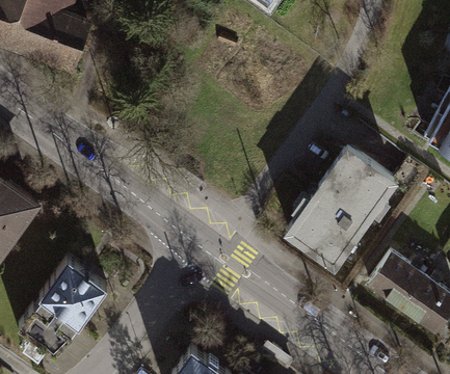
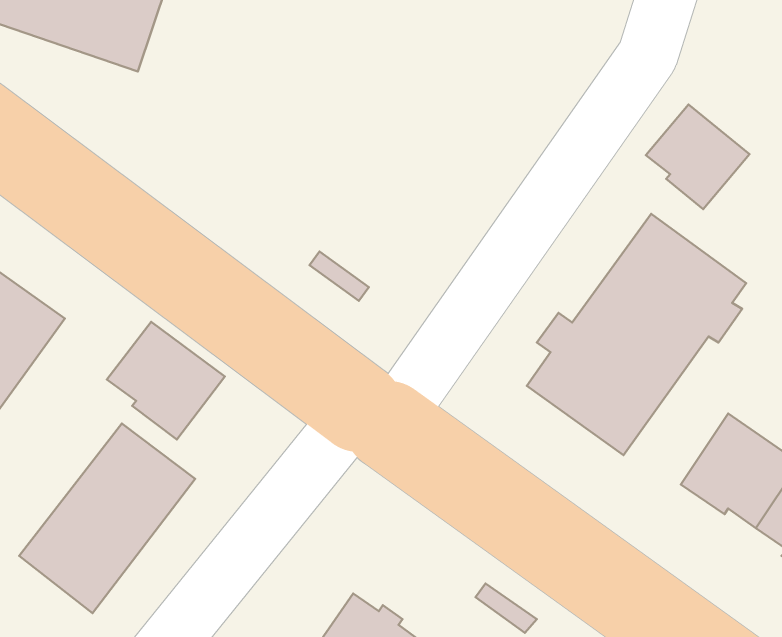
building: none -> [646,104,750,209]
building: none -> [107,322,225,439]

